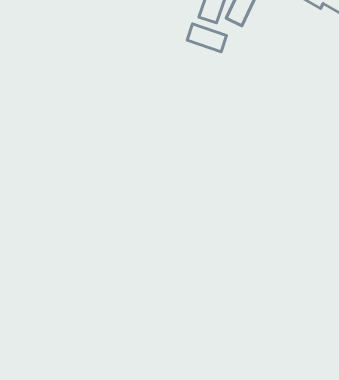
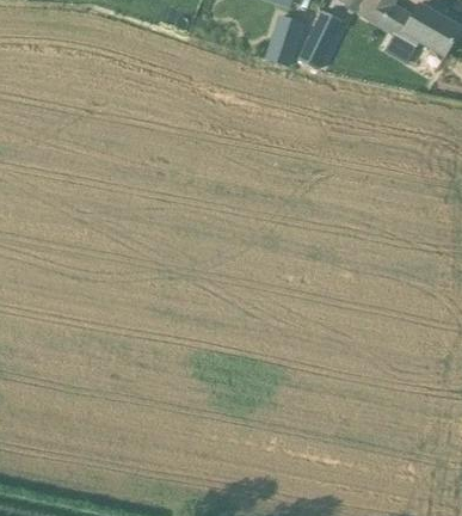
building: [187,24,226,52] -> none

